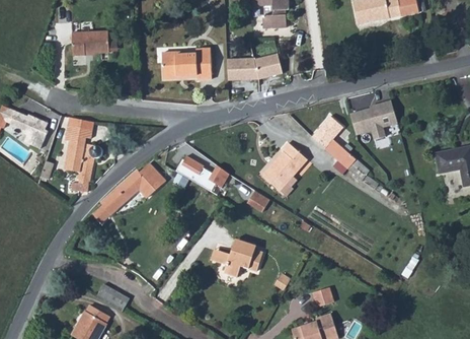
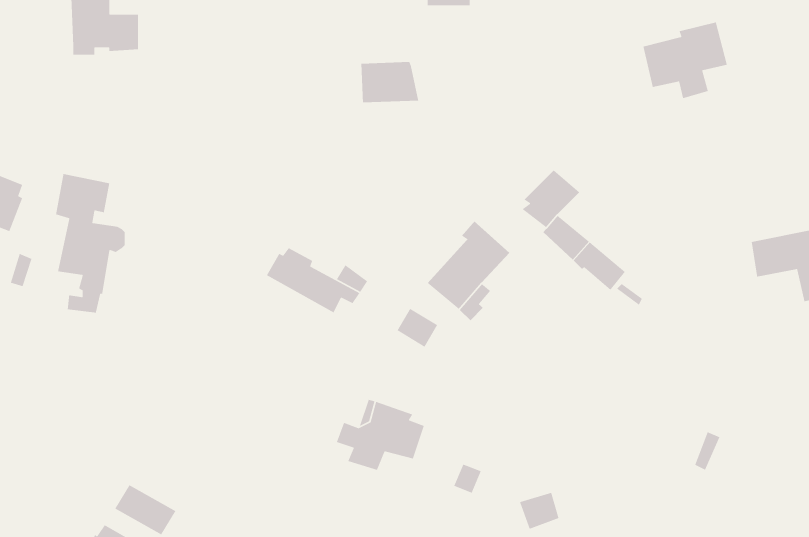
building: [162,48,212,79] -> none
building: [254,53,283,78] -> none
building: [352,100,398,142] -> [643,21,728,99]
building: [92,161,165,222] -> none

